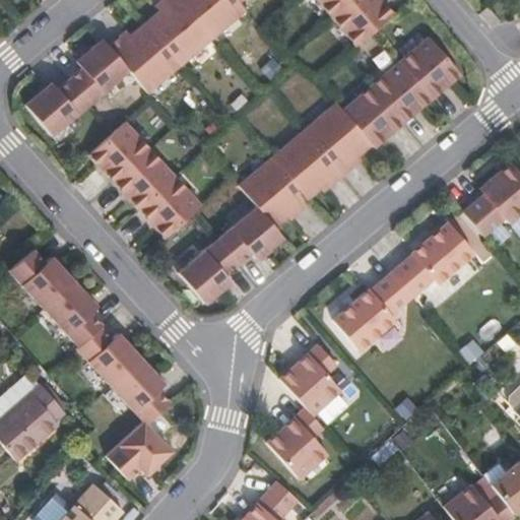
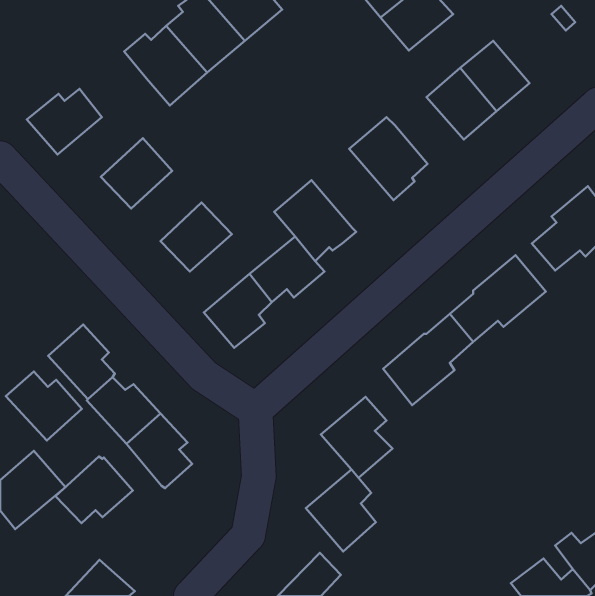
building: [72,38,130,102] -> none
building: [345,84,405,145] -> none
building: [273,129,344,198] -> none
building: [117,148,178,209] -> none
building: [9,249,75,309] -> [6,372,82,441]
building: [106,421,173,479] -> [56,456,133,523]

